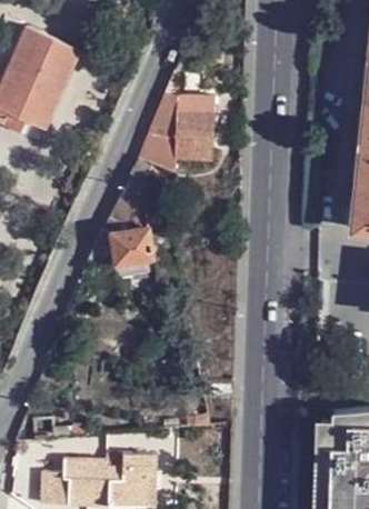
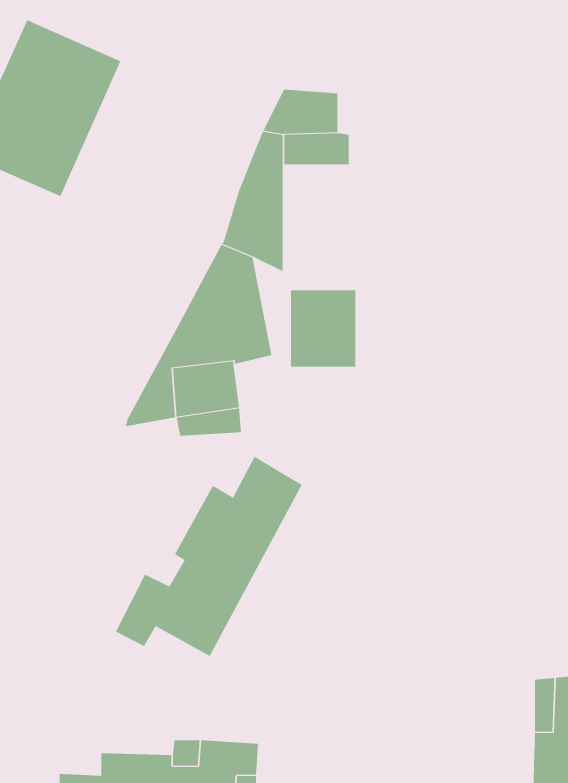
building: [172,114,211,160] -> [290,290,356,367]
building: none -> [115,456,302,657]

